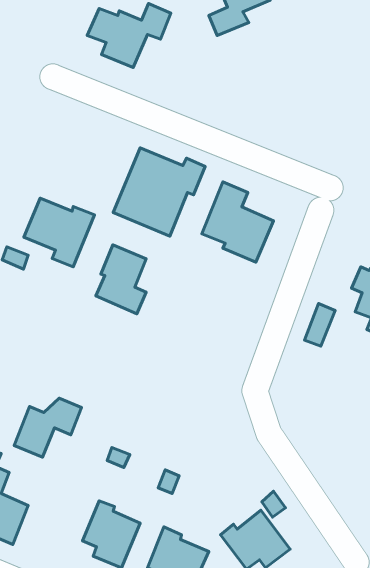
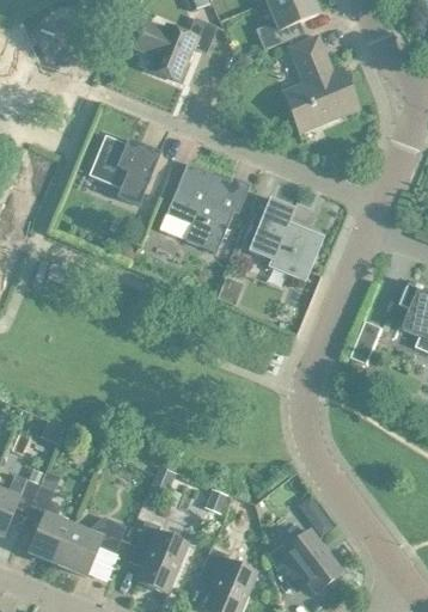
building: none -> [283,36,357,131]
building: [24,198,95,267] -> [88,135,160,204]
building: [96,245,146,314] -> none
building: [14,398,82,457] -> [57,516,126,576]

